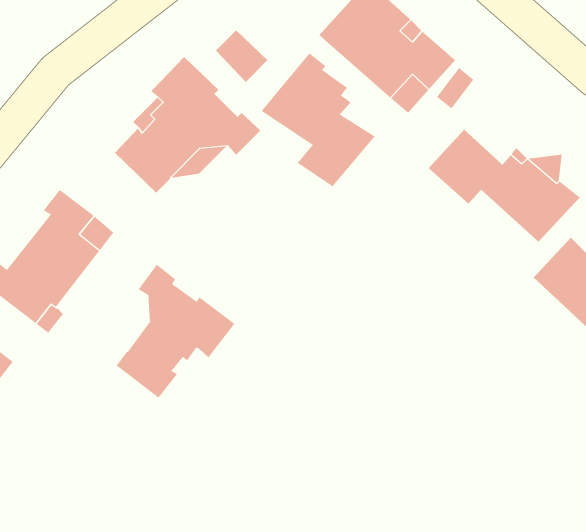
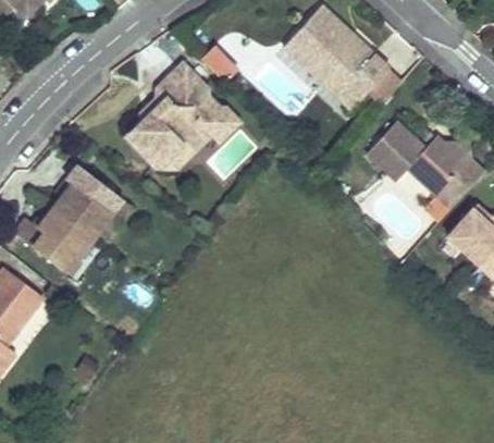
building: [261,53,375,187] -> none
building: [116,264,235,399] -> none

